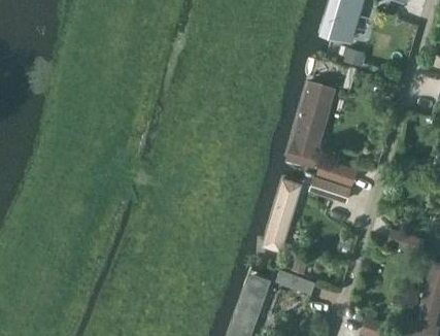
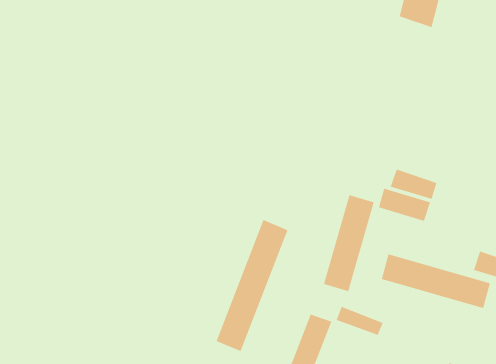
building: [285,76,335,169] -> none
building: none -> [216,219,288,352]
building: none -> [381,254,491,309]

